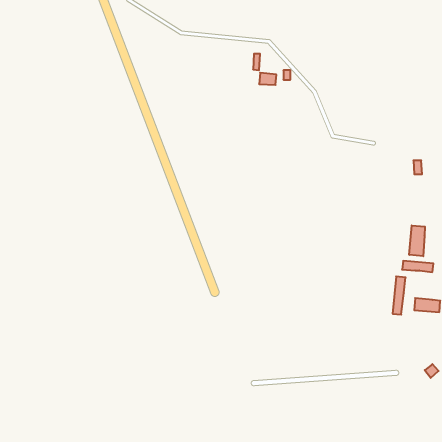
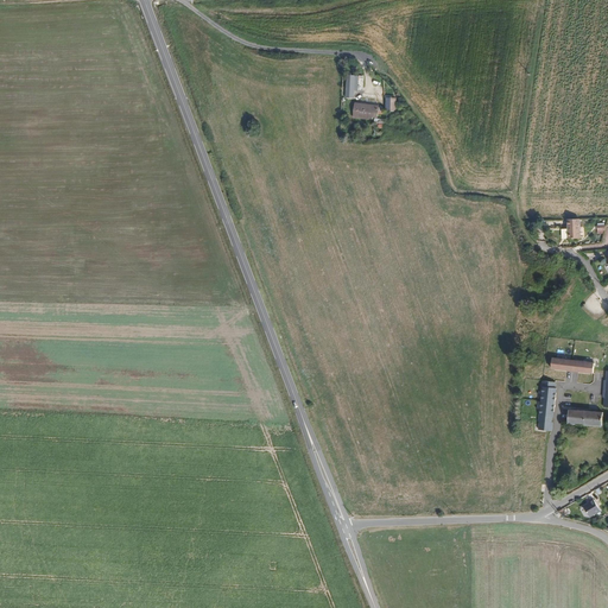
building: [409,225,425,256] -> none

